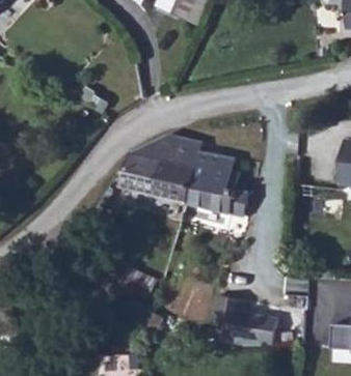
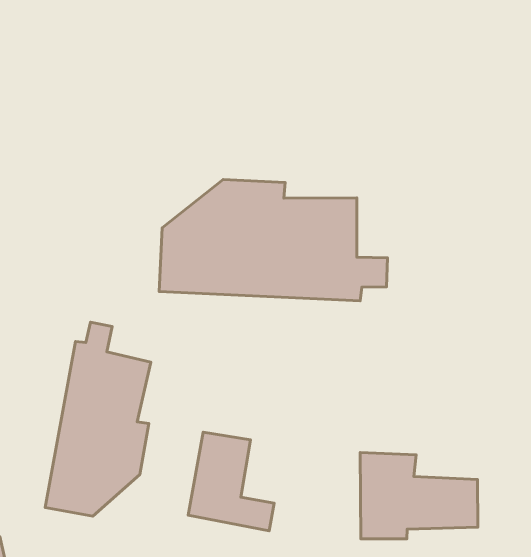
building: none -> [45,322,151,516]

